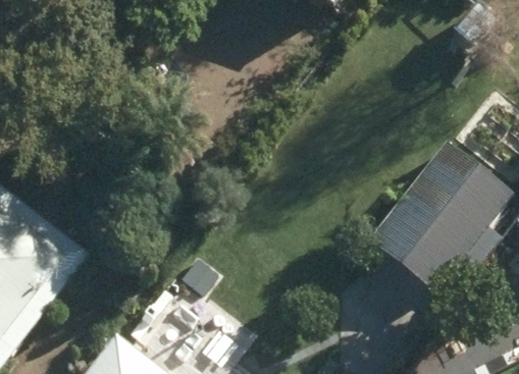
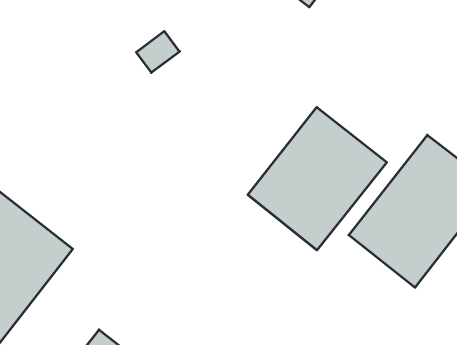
building: none -> [248,107,387,250]

